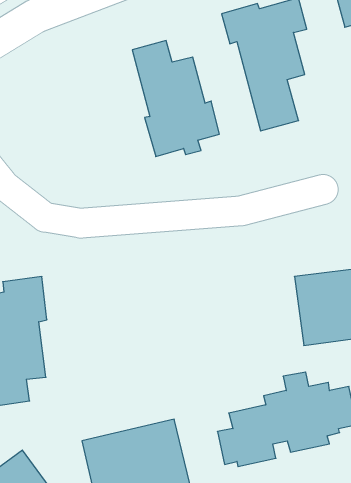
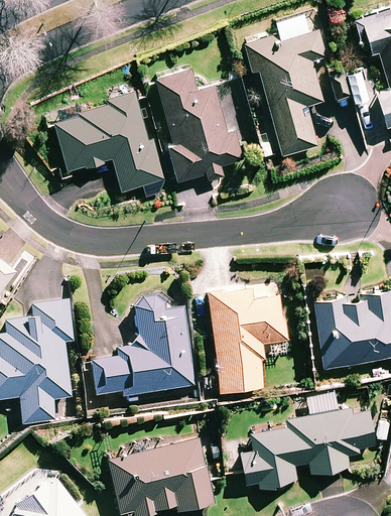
building: none -> [54,91,164,192]
building: none -> [206,288,286,395]
building: none -> [90,294,193,406]

